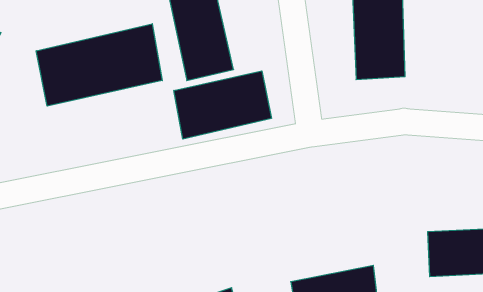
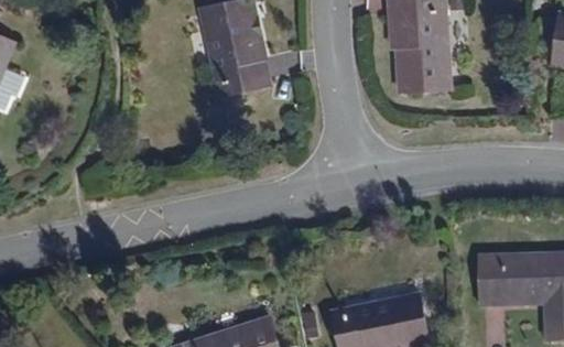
building: [36,24,162,106] -> none
building: [174,71,271,139] -> none

